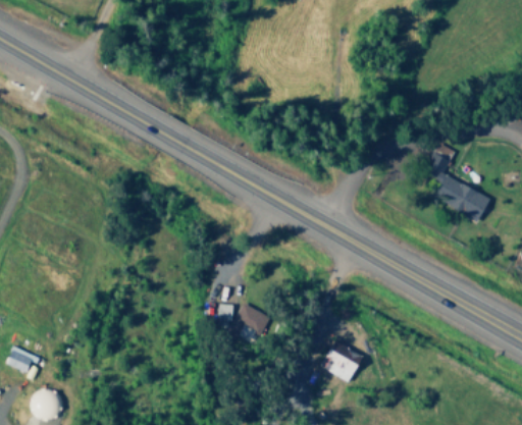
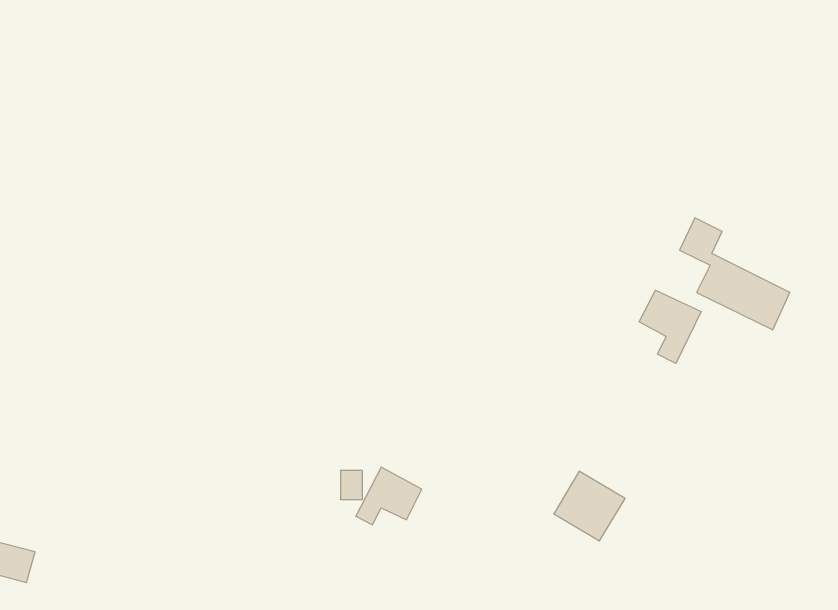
building: none -> [639,290,701,363]
building: [321,340,364,382] -> [554,471,625,541]

